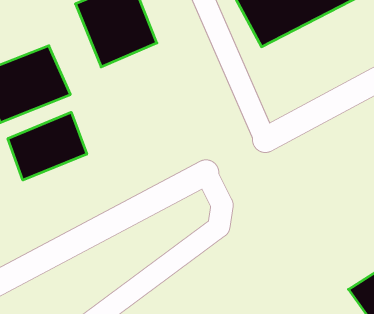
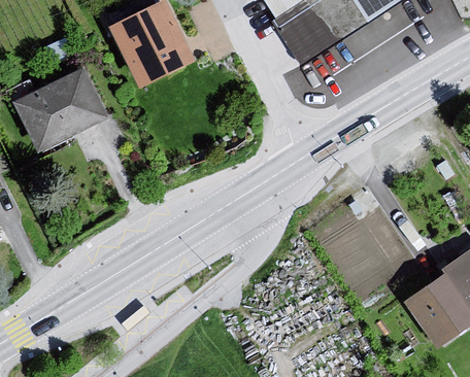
building: [8,112,87,180] -> none

